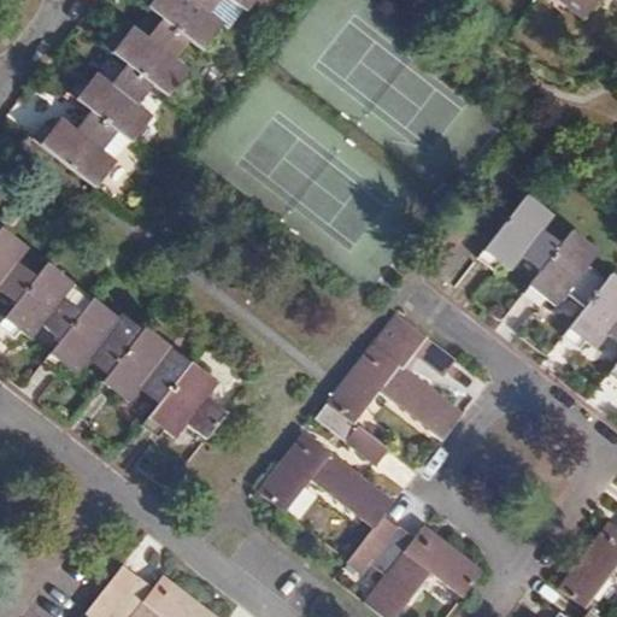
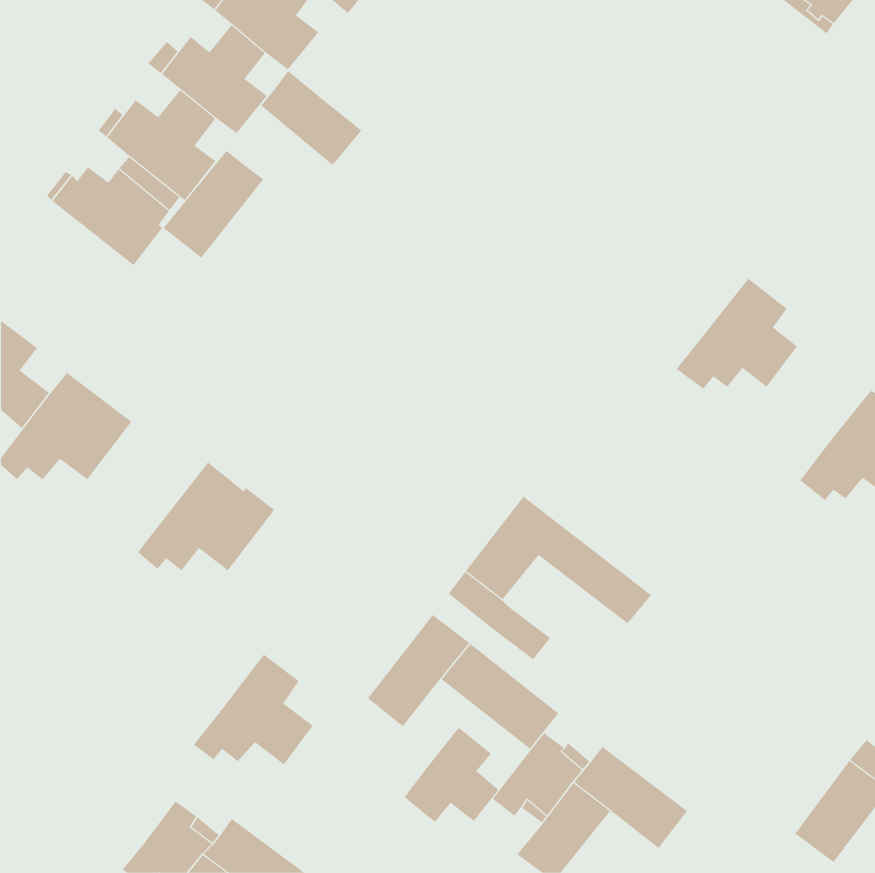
building: none -> [260,70,362,166]
building: none -> [163,150,264,259]
building: [523,230,607,310] -> none
building: [45,296,145,374] -> none
building: [369,313,462,418] -> none
building: [143,360,228,439] -> [193,654,313,765]
building: none -> [404,727,499,823]

